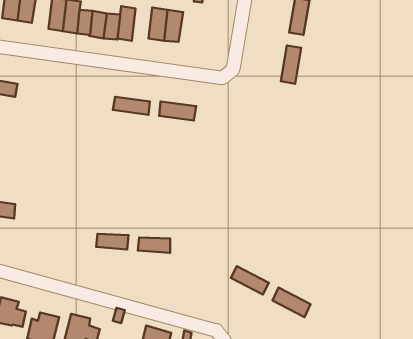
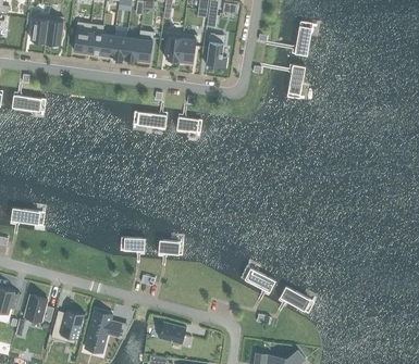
building: none -> [206,34,226,67]

